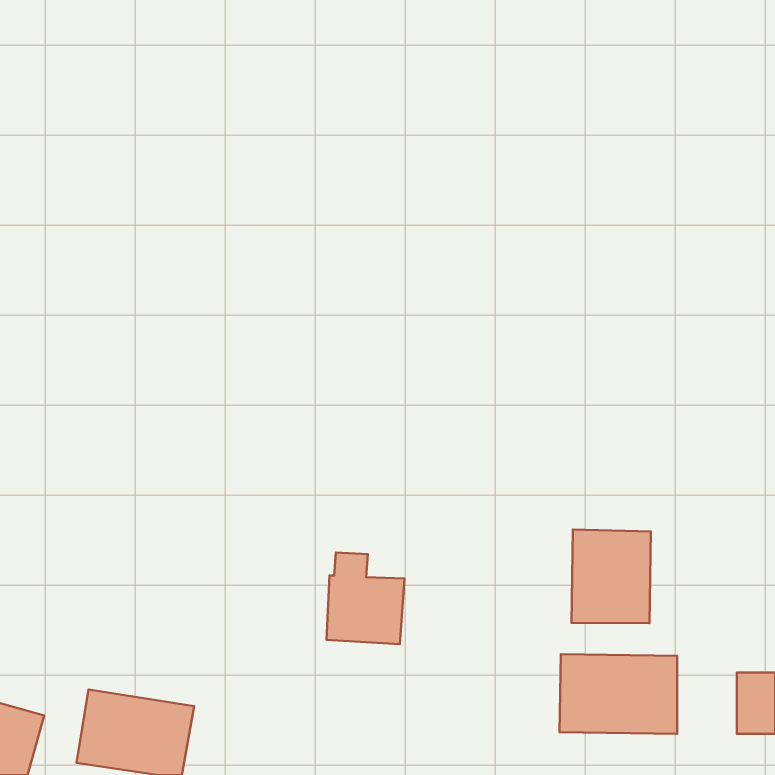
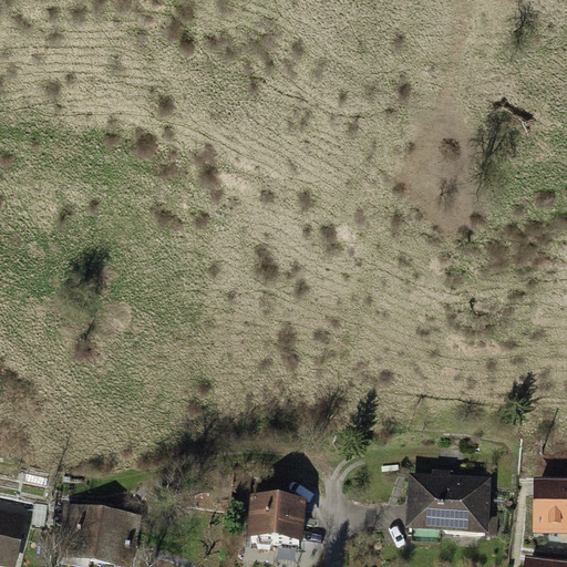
building: [571,530,651,623] -> none
building: [327,553,404,644] -> [247,477,303,544]

